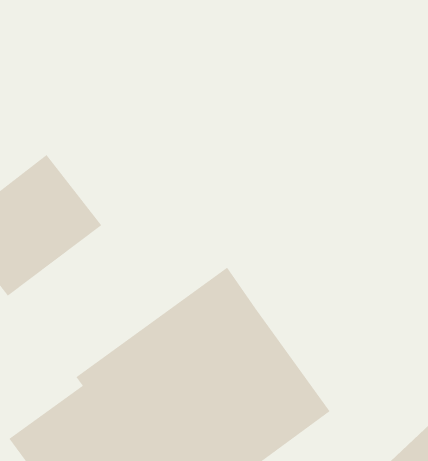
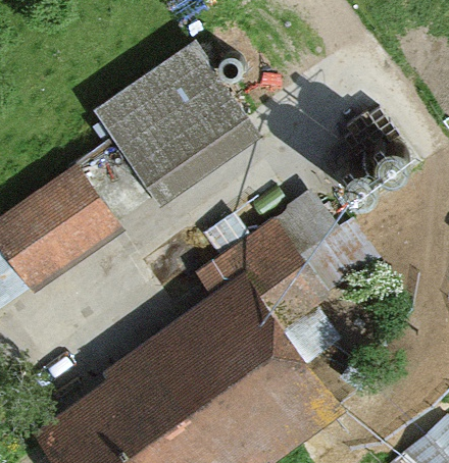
building: none -> [93,41,257,203]
building: none -> [225,196,340,311]

